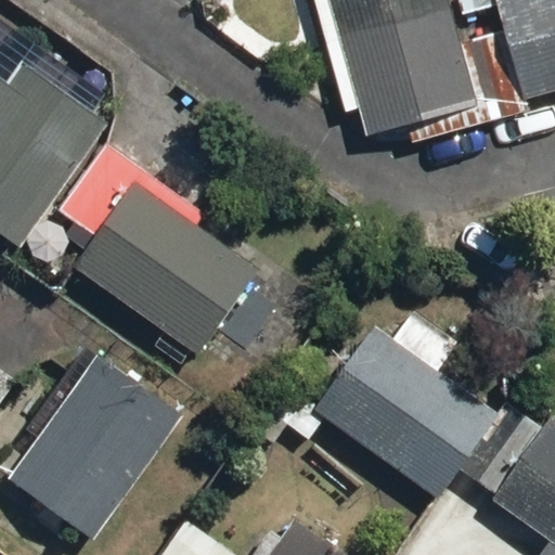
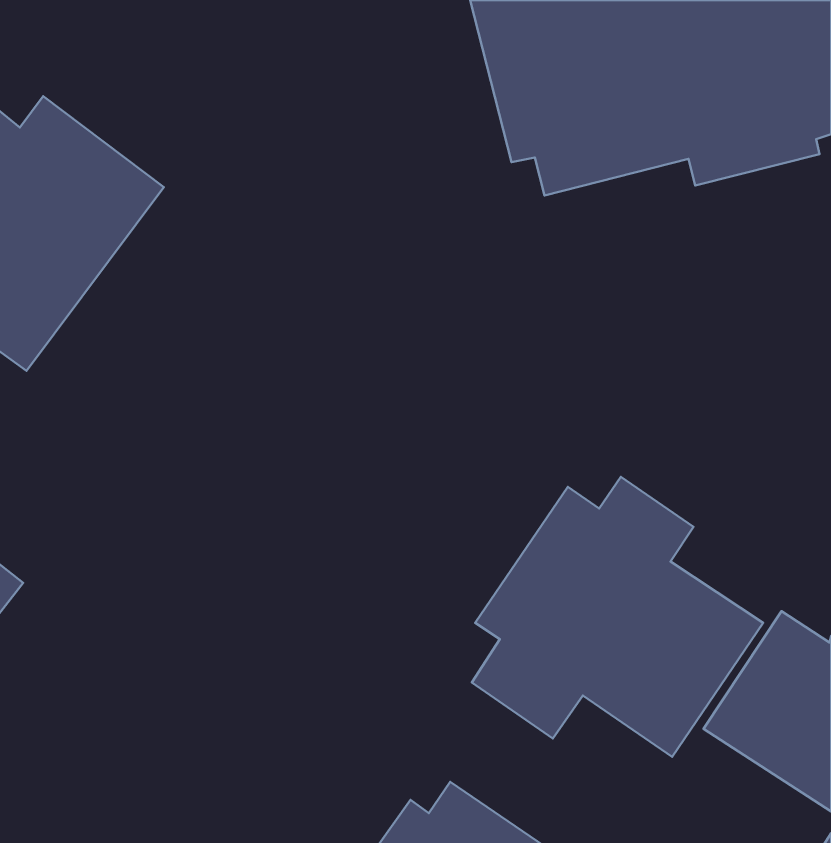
building: [75,175,263,351] -> none
building: [11,350,191,538] -> none

